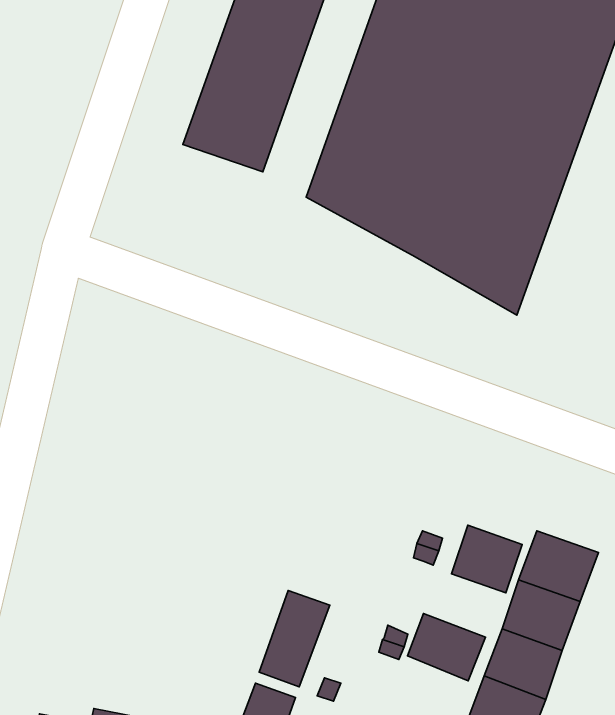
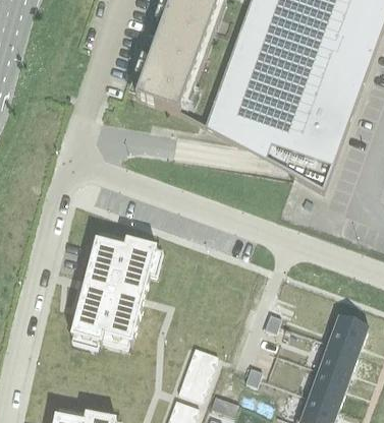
building: none -> [71,238,157,343]
building: [451,525,522,593] -> none
building: [407,614,486,681] -> none

